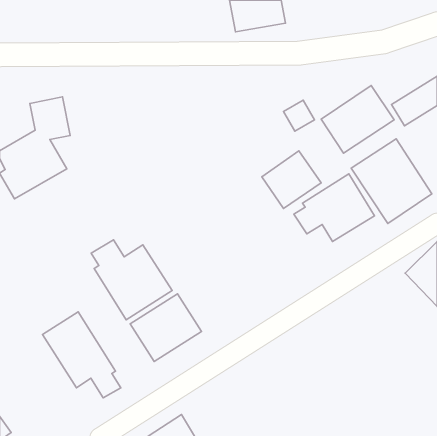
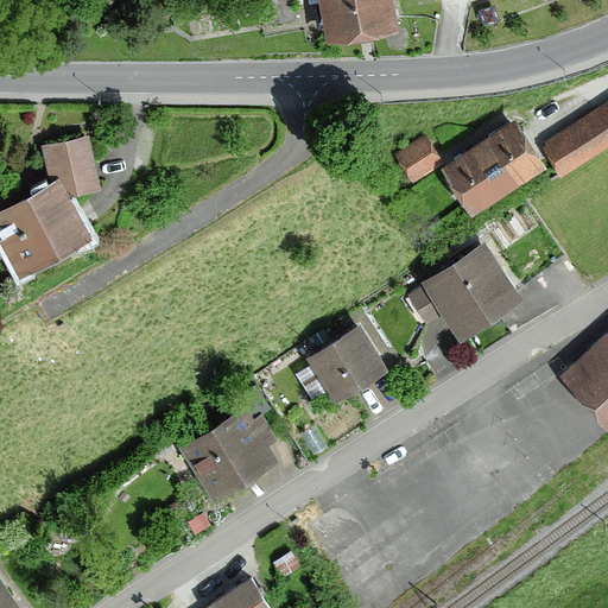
building: [351,139,432,223] -> none
building: [262,151,321,208] -> [306,324,388,404]
building: [91,240,172,320] -> none
building: [42,312,121,398] -> none

